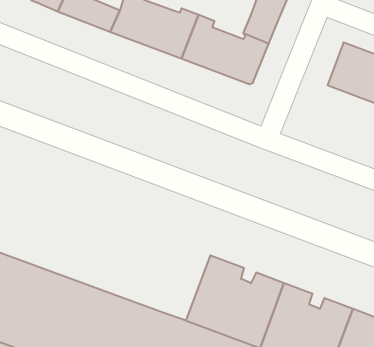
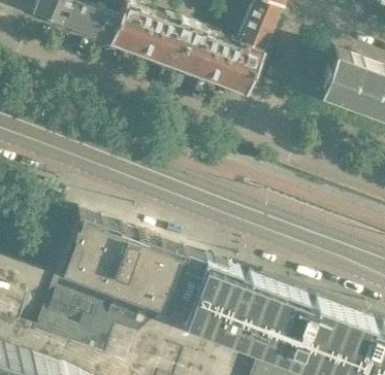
building: none -> [54,217,186,319]

